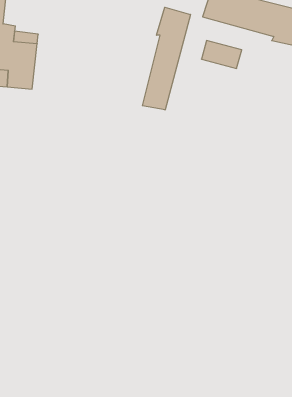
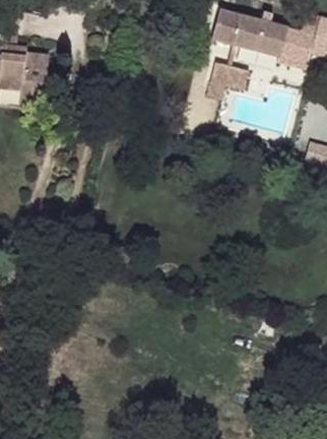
building: [142,7,190,110] -> none

